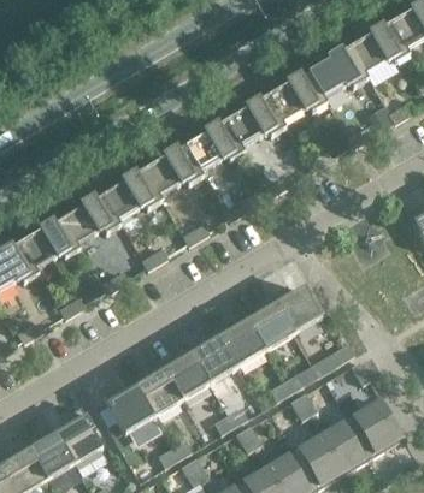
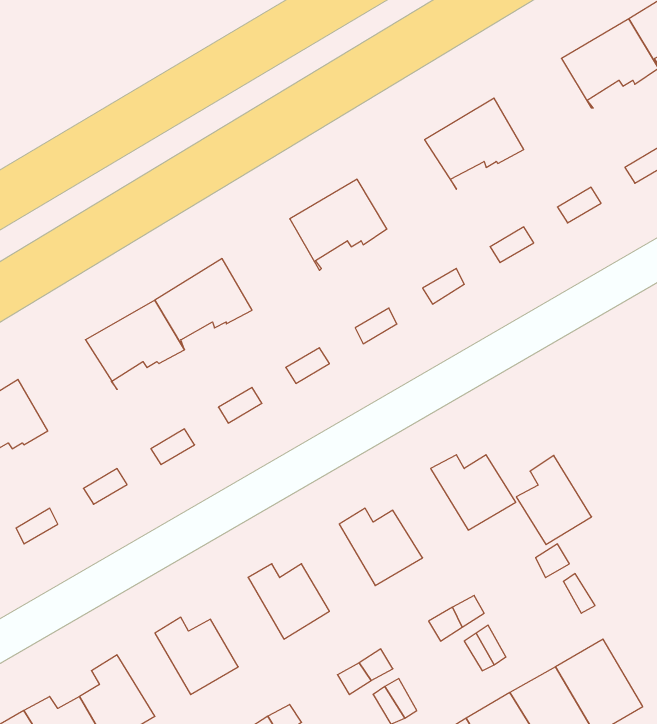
building: [308,47,367,102] -> none
building: [225,96,285,150] -> none
building: [143,144,202,200] -> none
building: [19,218,80,273] -> none
building: [247,296,293,350] -> [516,455,592,545]
building: [192,329,236,382] -> none
building: [136,362,181,416] -> none

